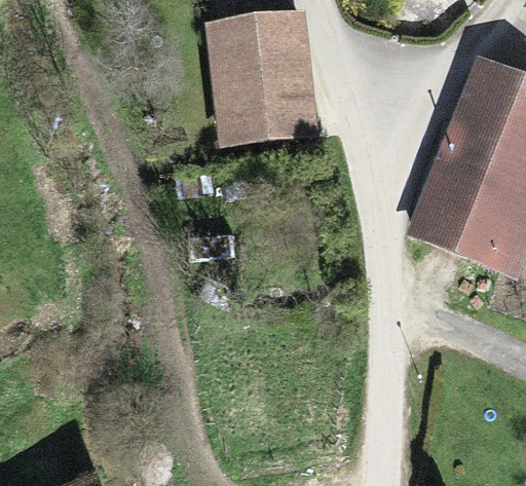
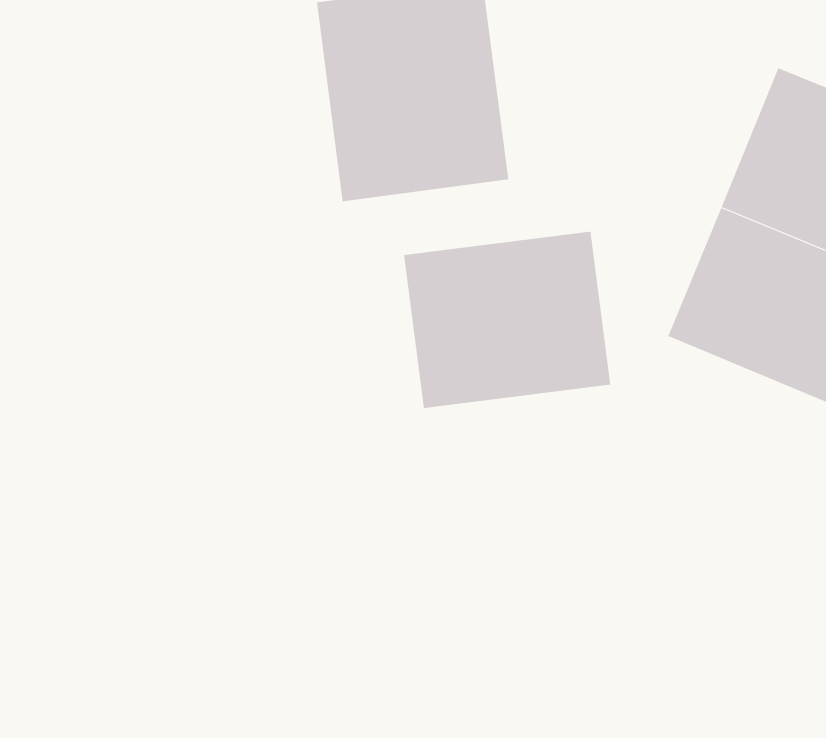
building: none -> [404,231,611,409]

